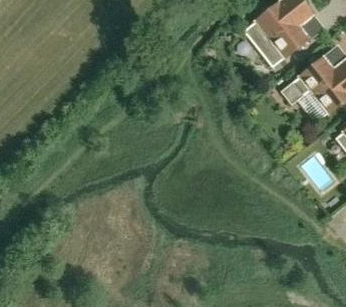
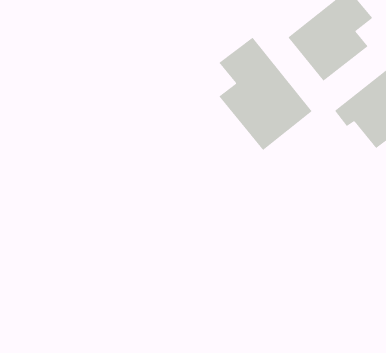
building: none -> [219,37,312,151]

